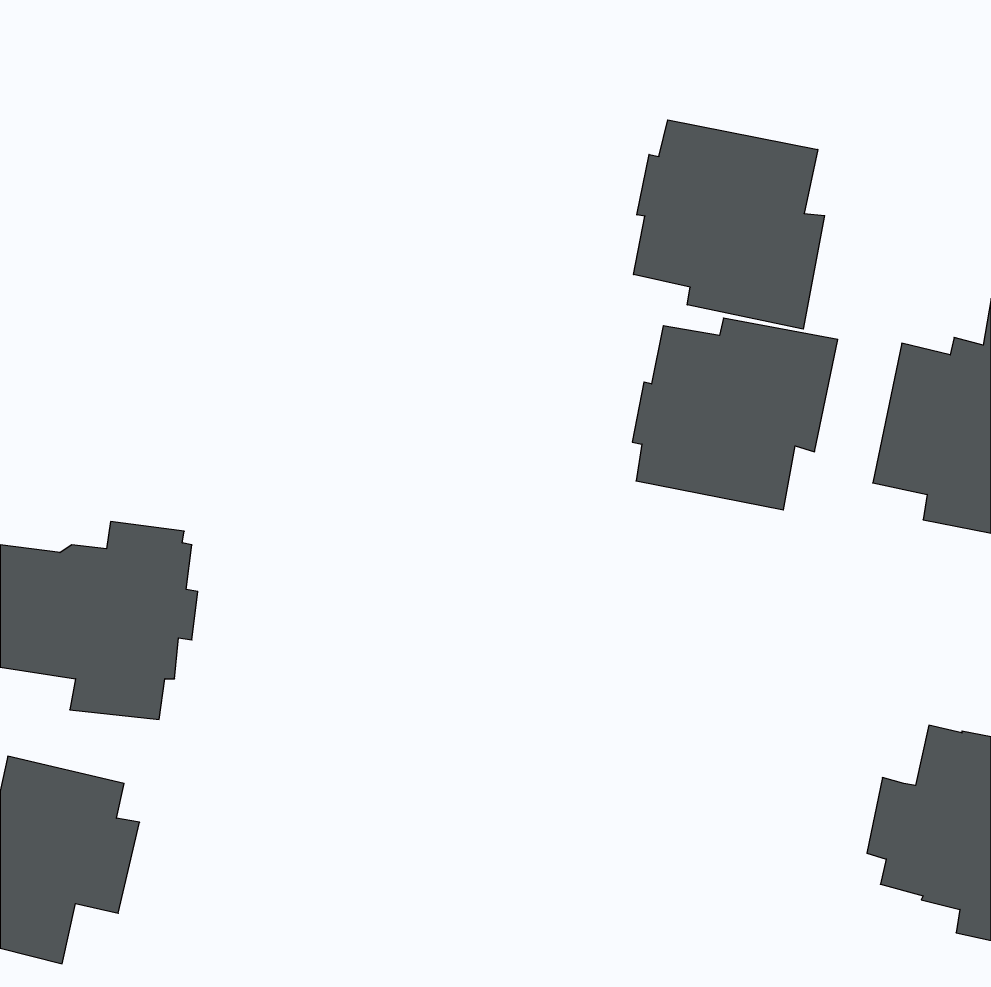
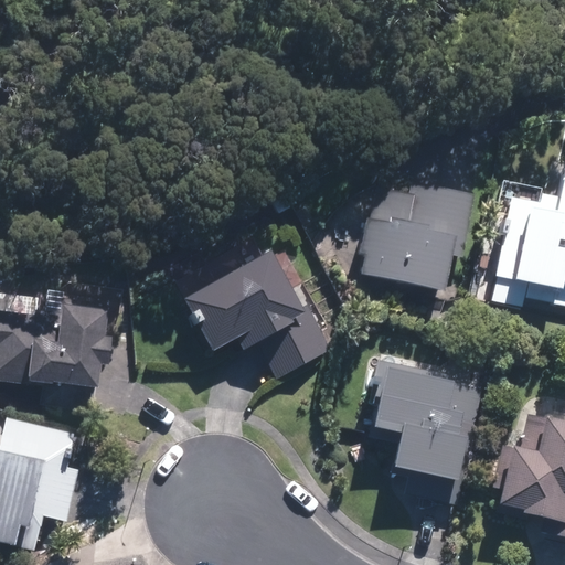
building: [634,120,825,329] -> none
building: none -> [184,250,331,377]
building: none -> [370,359,482,503]

